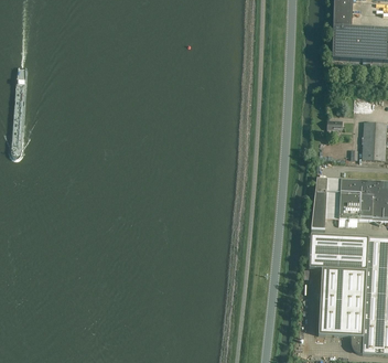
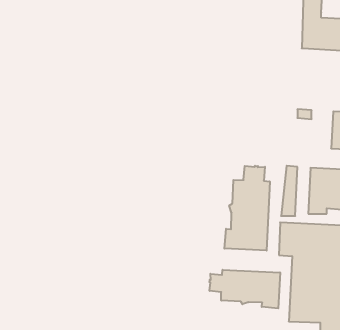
building: none -> [224,166,270,251]
building: none -> [210,270,280,308]

